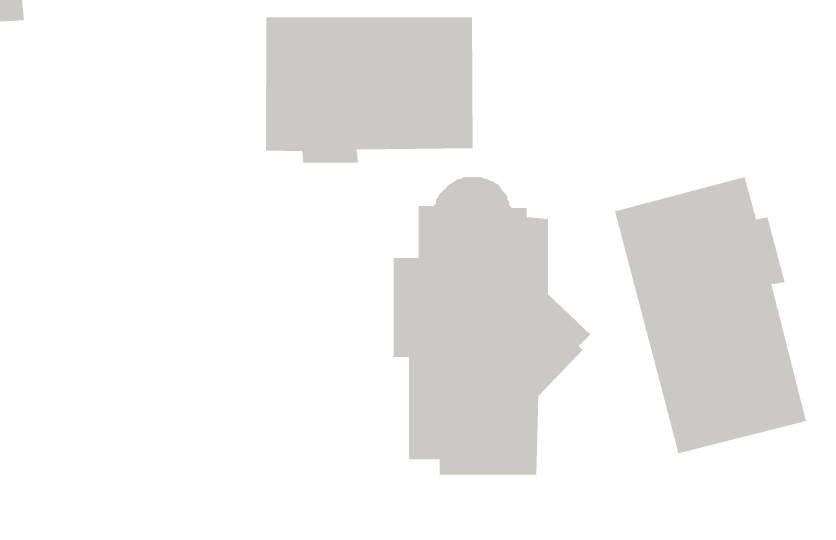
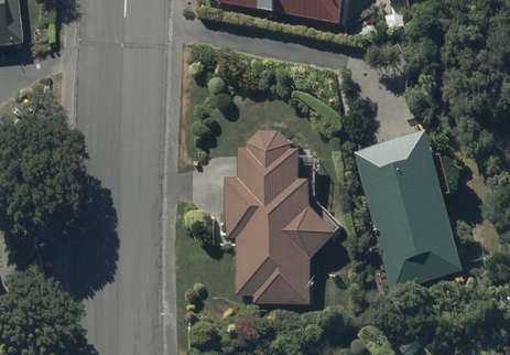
building: [266,16,473,164] -> none

